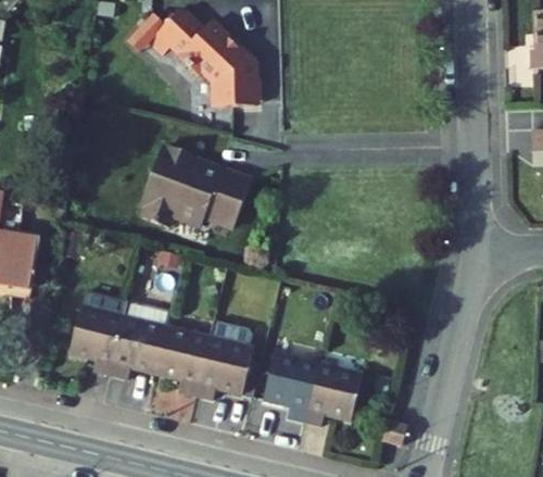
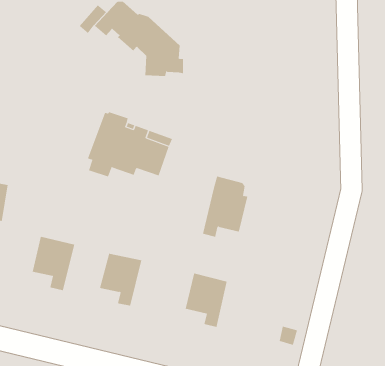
building: [109,305,166,381] -> none
building: [194,324,253,402] -> [202,176,248,237]
building: [304,366,361,428] -> none

